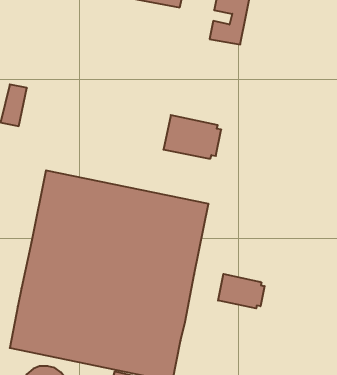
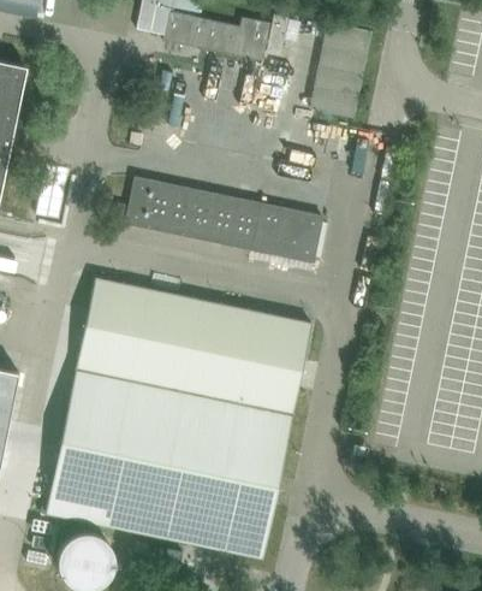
building: none -> [125,178,260,250]
building: [218,274,265,308] -> none

